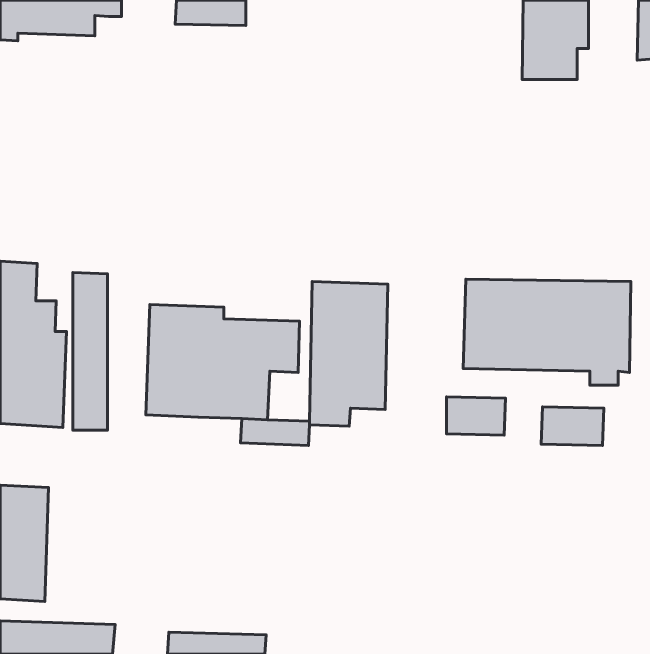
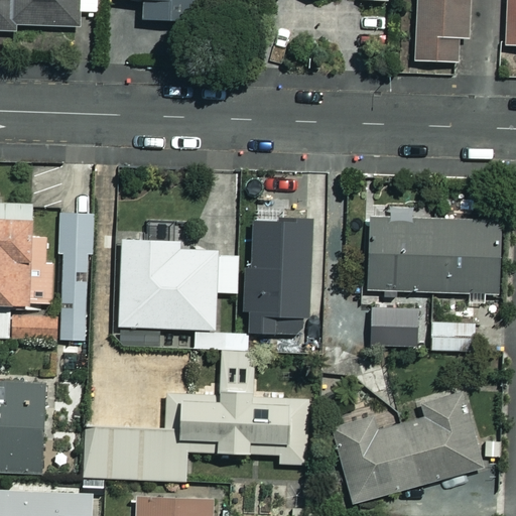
building: none -> [85,352,309,481]
building: none -> [333,395,481,504]

